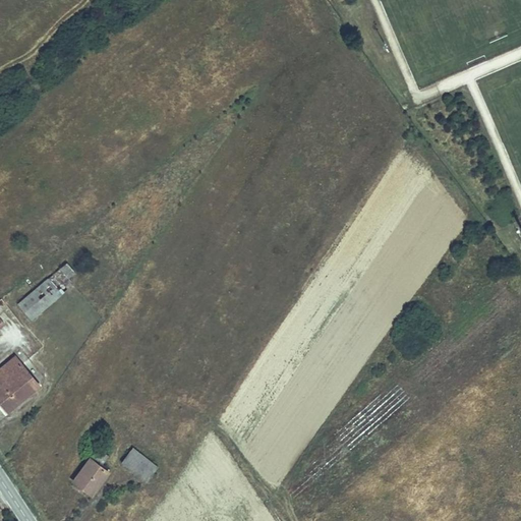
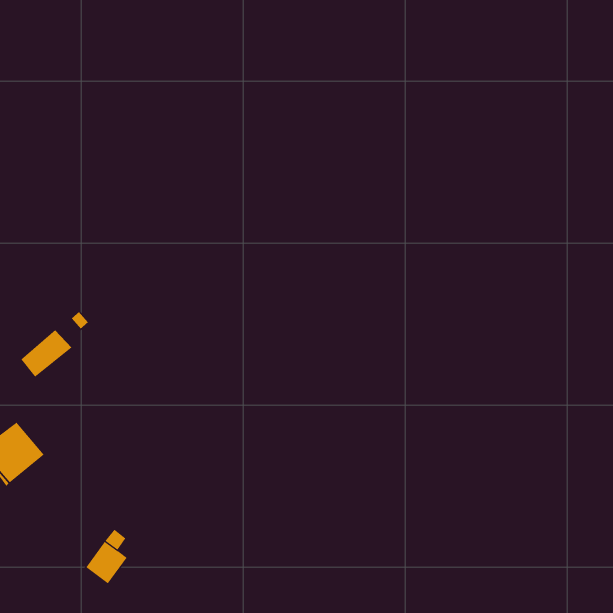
building: [120,449,156,482] -> none

